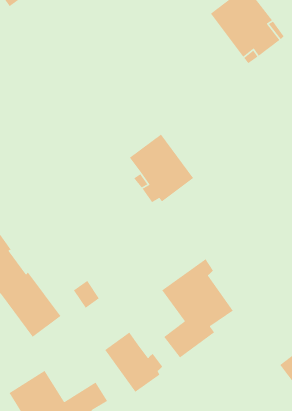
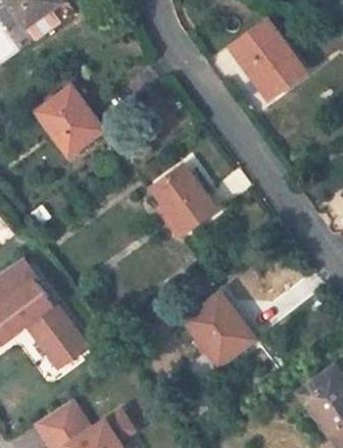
building: none -> [38,88,100,156]
building: [104,332,163,393] -> none

